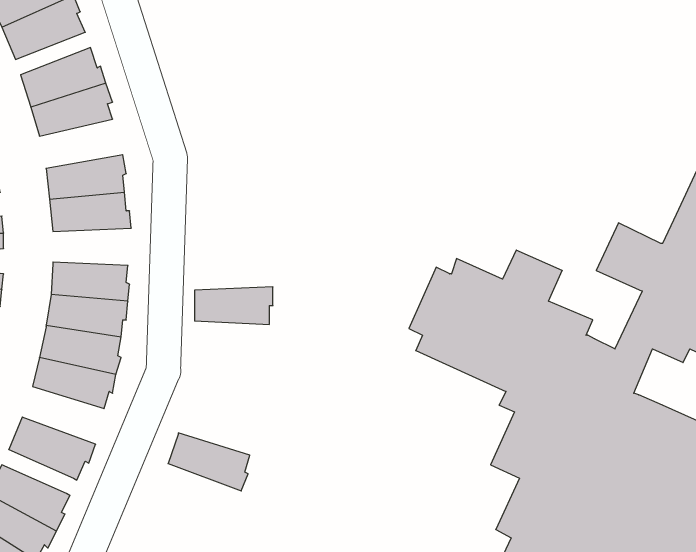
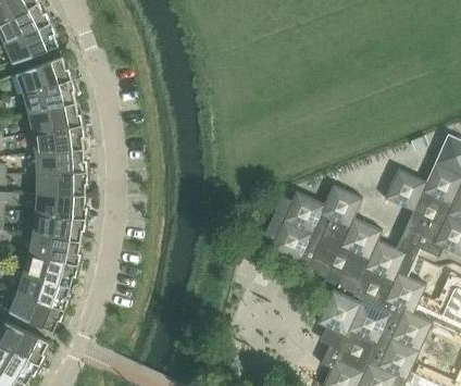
building: none -> [28,101,82,133]
building: [195,287,273,324] -> [37,171,87,195]
building: [168,433,250,491] -> [17,272,70,309]

